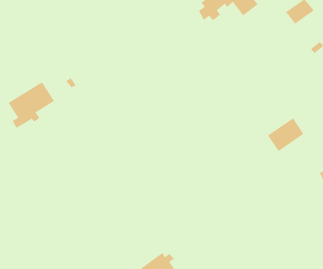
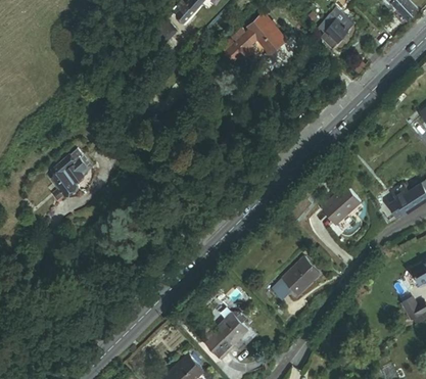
building: [267,118,304,152] -> [324,188,363,227]
building: none -> [271,256,319,301]

